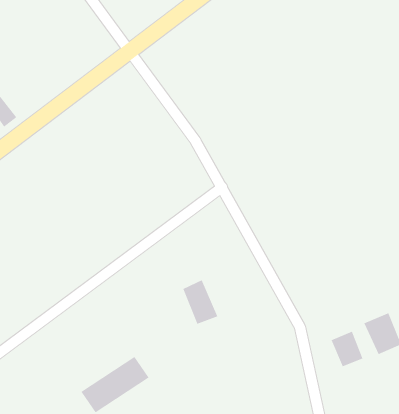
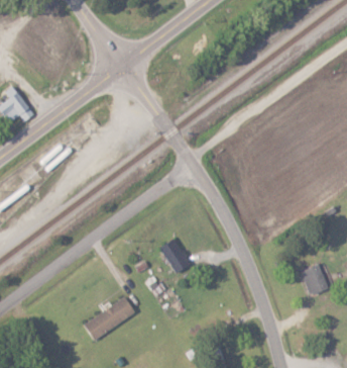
building: [331,331,363,367] -> none

